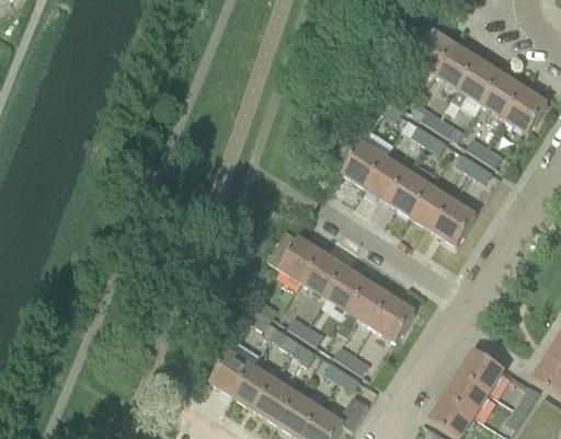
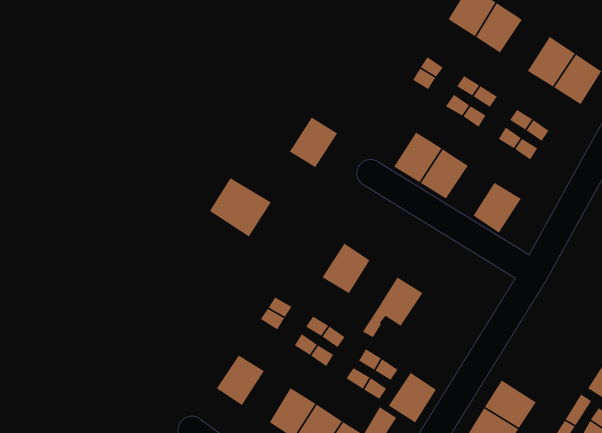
building: [453,59,501,104] -> none
building: [342,142,385,187] -> [289,117,338,168]
building: [411,186,453,230] -> none
building: [267,231,322,284] -> [209,177,272,238]
building: [327,268,368,312] -> none
building: [371,297,414,342] -> [388,372,437,424]
building: [459,349,504,392] -> none
building: [233,365,275,409] -> none

